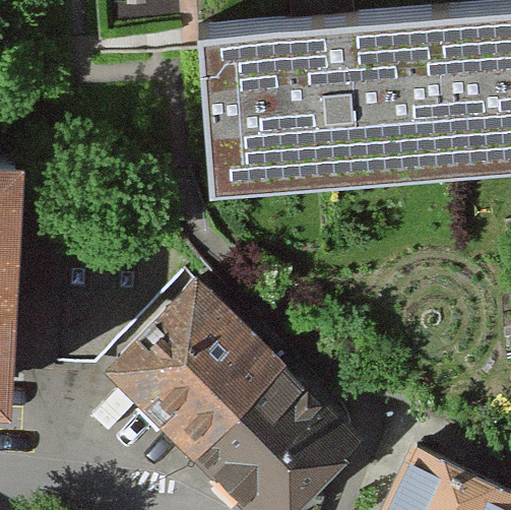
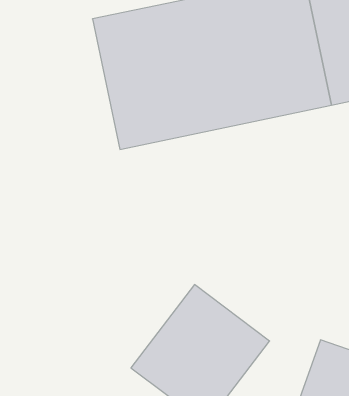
building: [108,275,277,445] -> none

